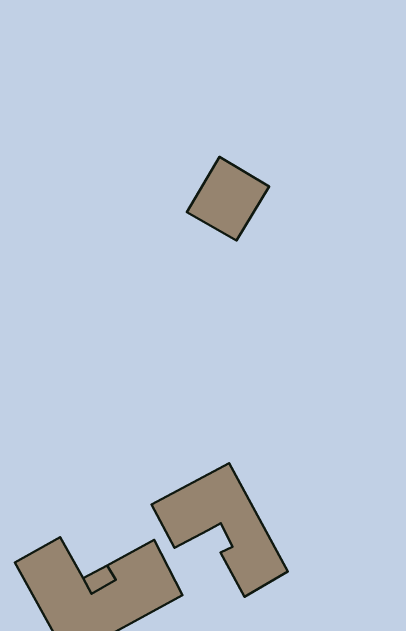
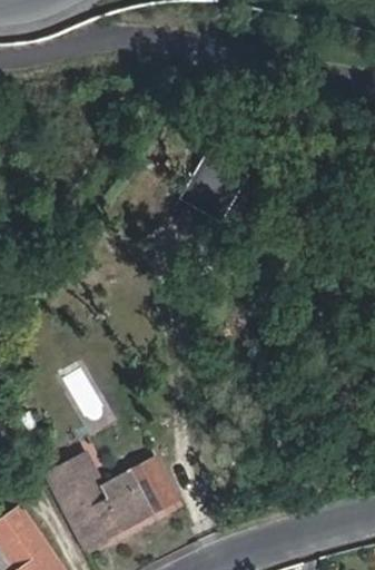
building: [152,463,288,597] -> none

